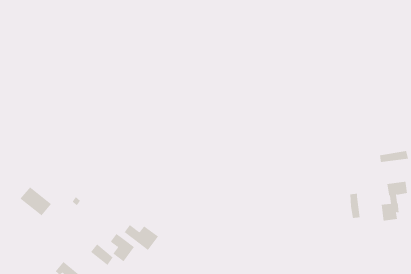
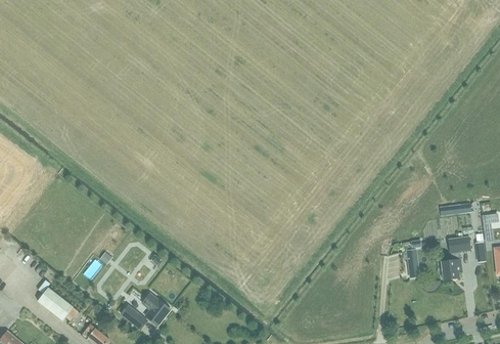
building: [19,186,52,216] -> [39,288,75,320]
building: [124,224,159,251] -> none

